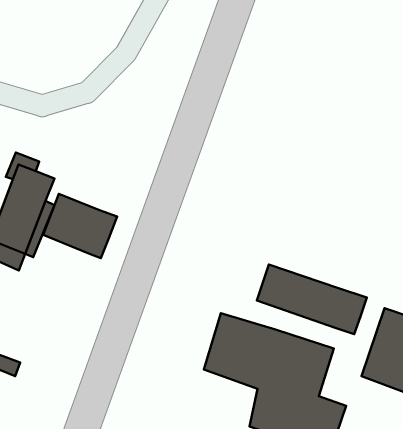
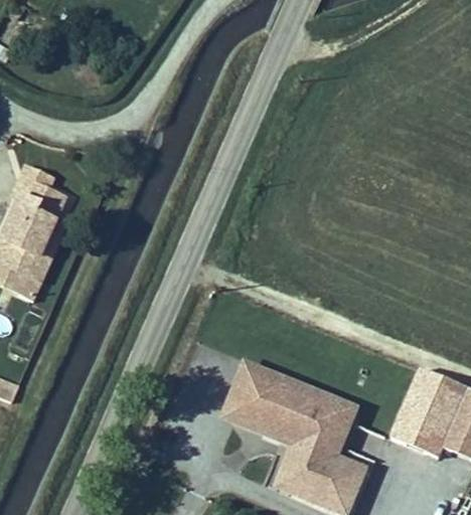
building: [43,194,117,258] -> none
building: [257,264,367,334] -> none

